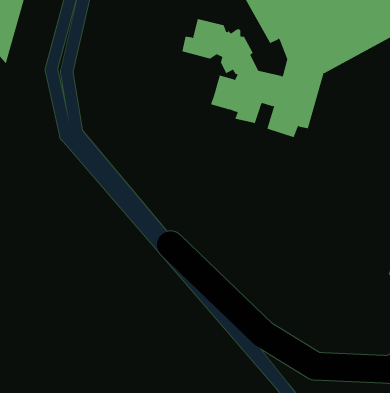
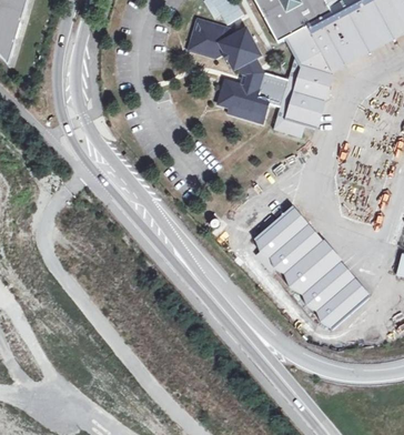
building: none -> [254,203,368,325]

